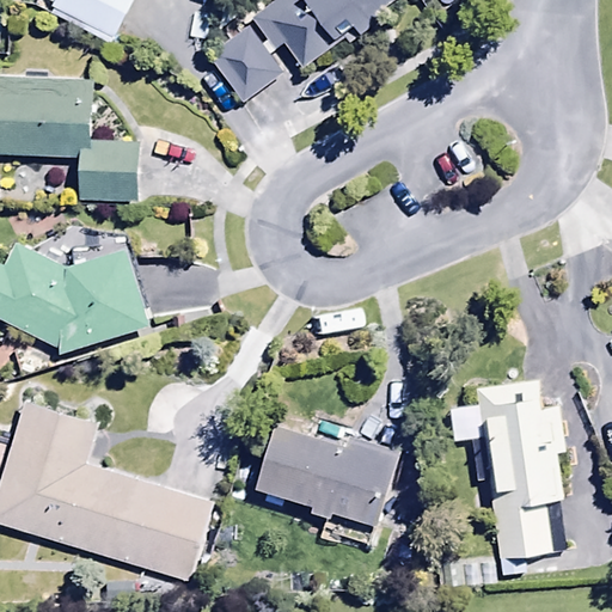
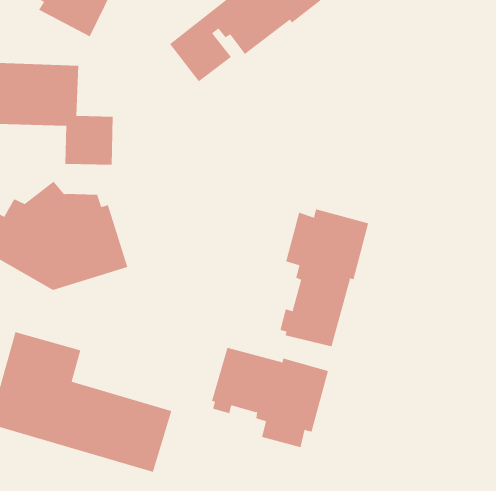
building: none -> [280,208,369,347]
building: [470,365,557,565] -> none

